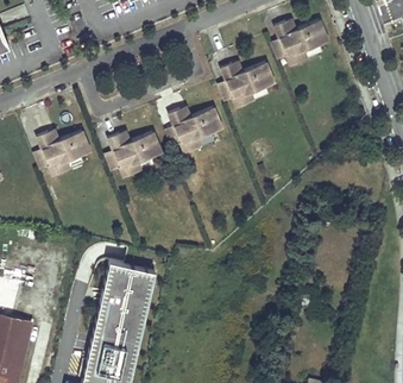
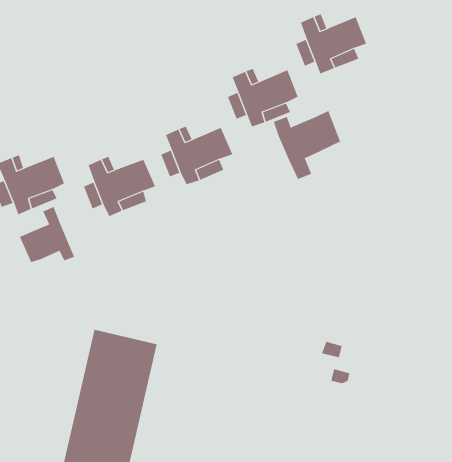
building: none -> [273,110,341,180]
building: none -> [19,206,75,263]

